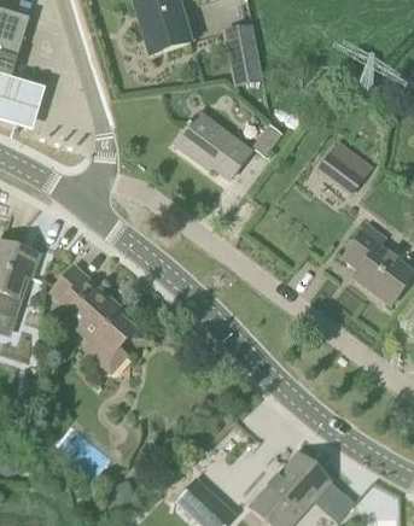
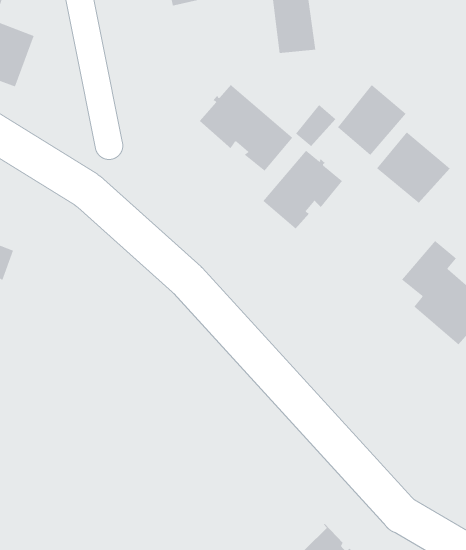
building: none -> [337,84,406,156]
building: none -> [262,150,343,230]
building: [52,265,135,364] -> none

